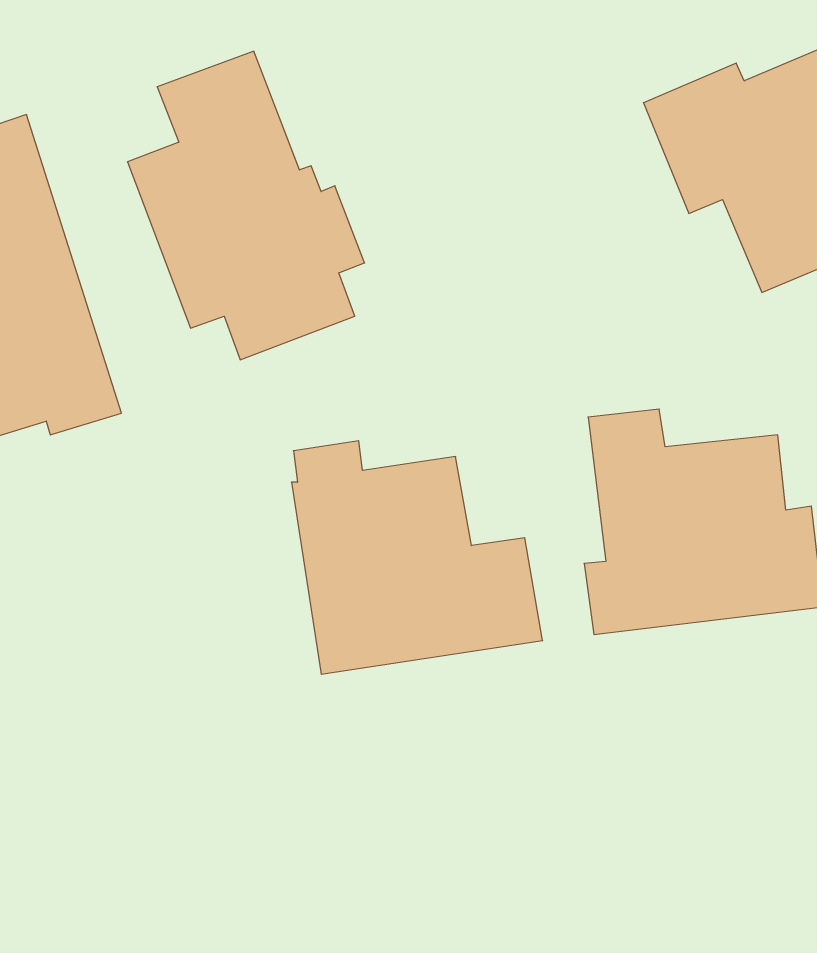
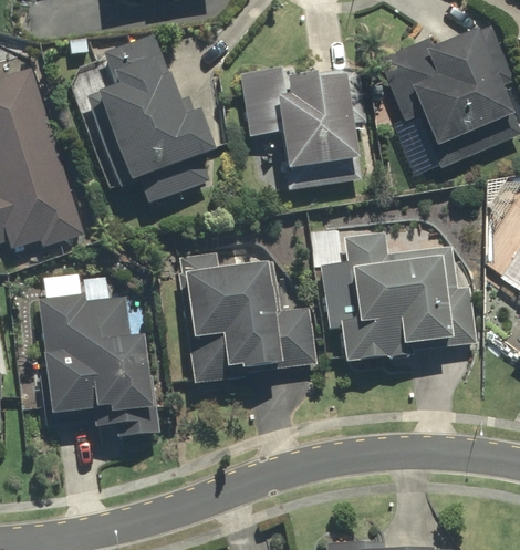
building: none -> [239,66,373,188]
building: none -> [38,292,160,442]

